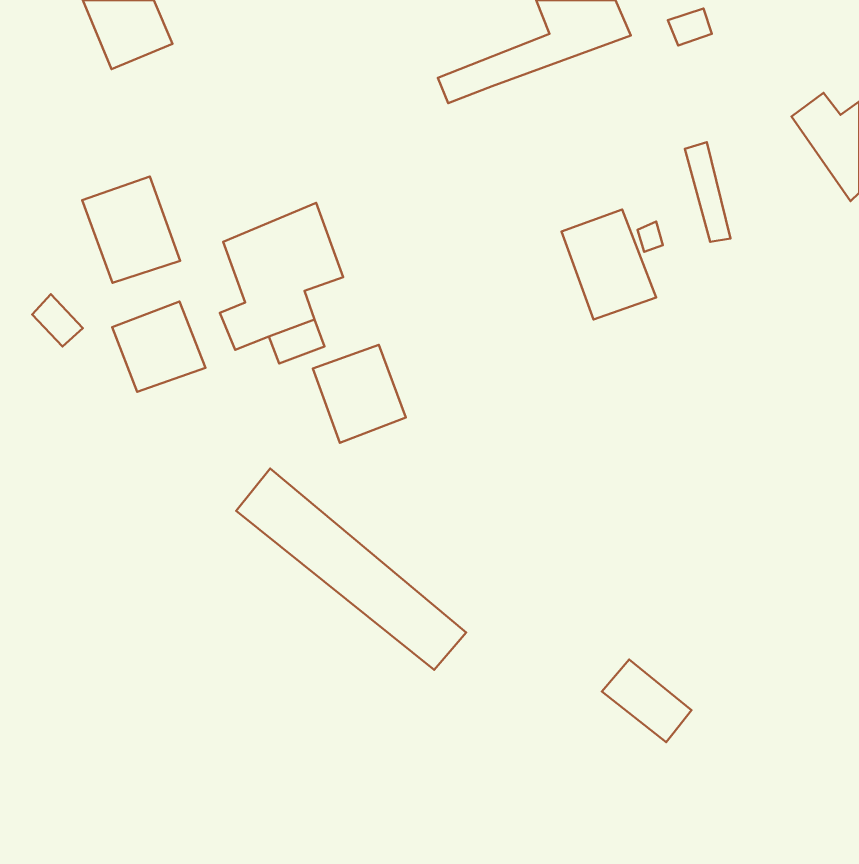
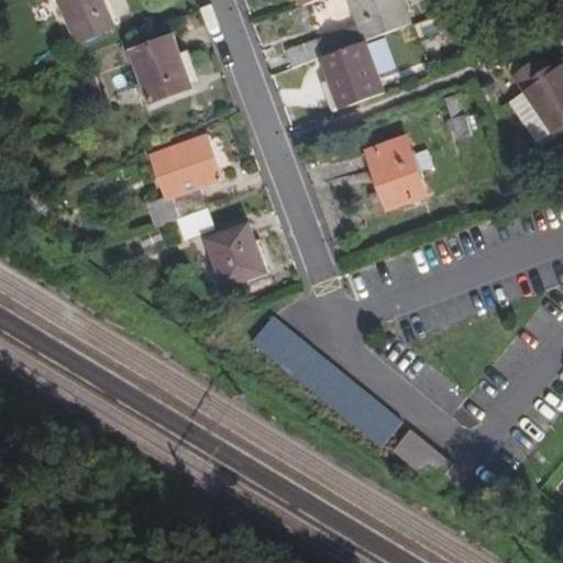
building: none -> [320,40,385,109]
building: [82,176,180,283] -> [128,34,191,103]
building: [112,301,205,392] -> none
building: [236,468,466,670] -> [250,314,399,445]

